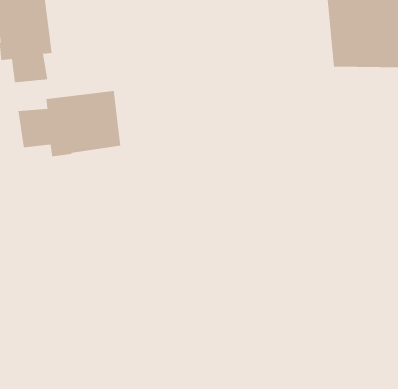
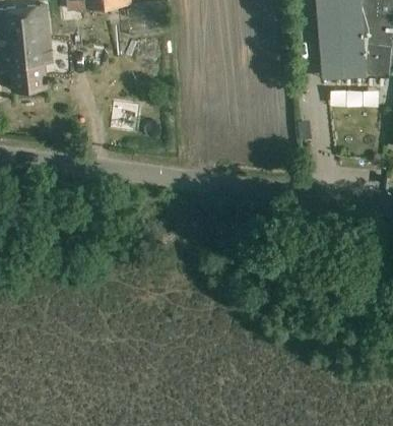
building: [18,90,121,157] -> none

